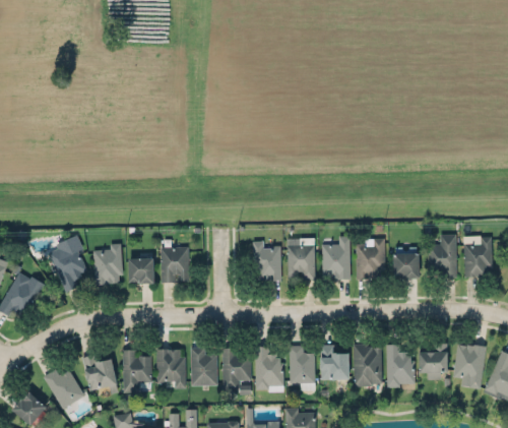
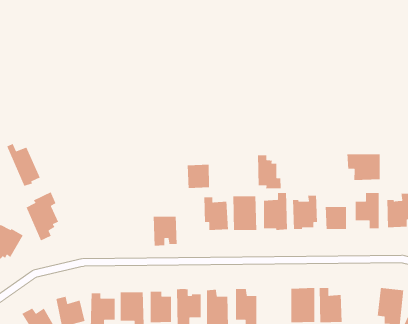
building: none -> [6,143,41,187]
building: none -> [347,153,381,181]
building: none -> [257,155,282,189]
building: none -> [187,164,210,189]
building: [94,244,122,285] -> none
building: [161,246,189,282] -> [153,216,177,247]
building: [128,259,154,284] -> none
building: [418,341,448,381] -> none
building: [320,345,350,380] -> none

